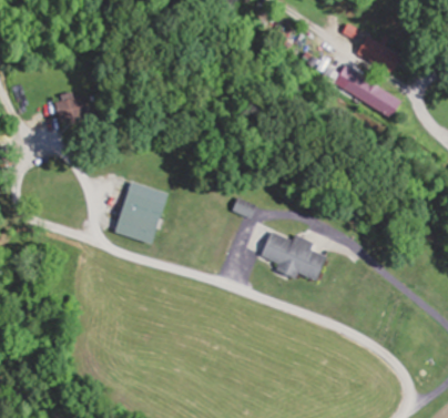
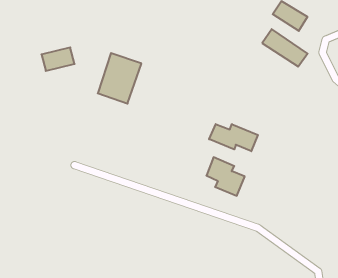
building: [120,180,175,244] -> [98,53,141,104]
building: none -> [209,124,258,151]

